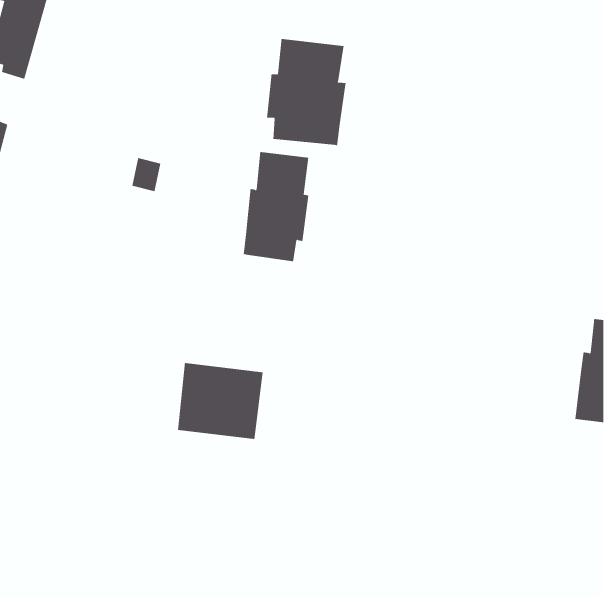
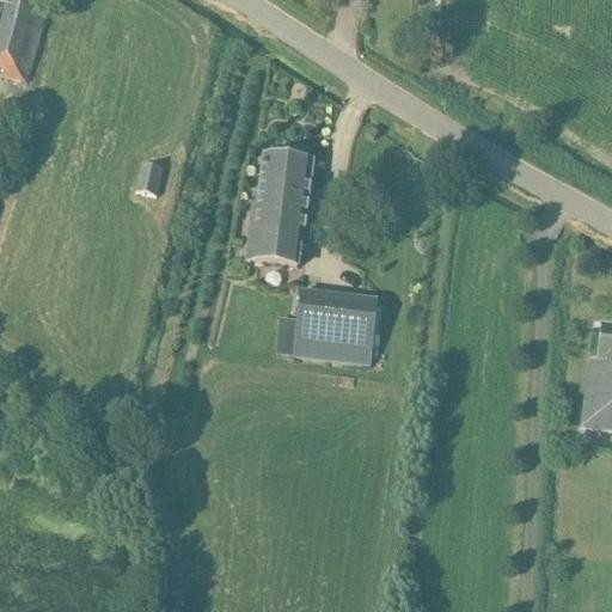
building: [267,38,346,146] -> none
building: [177,363,264,440] -> [290,286,378,363]

